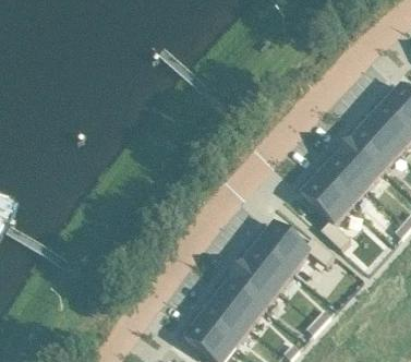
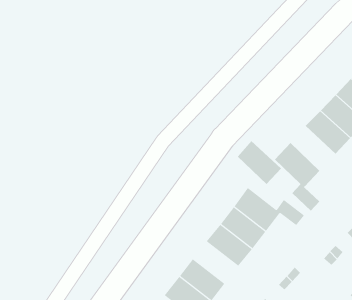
building: [319,155,367,203] -> [237,140,282,185]
building: [215,278,264,324] -> none

